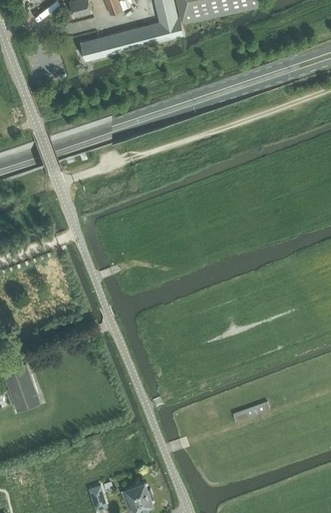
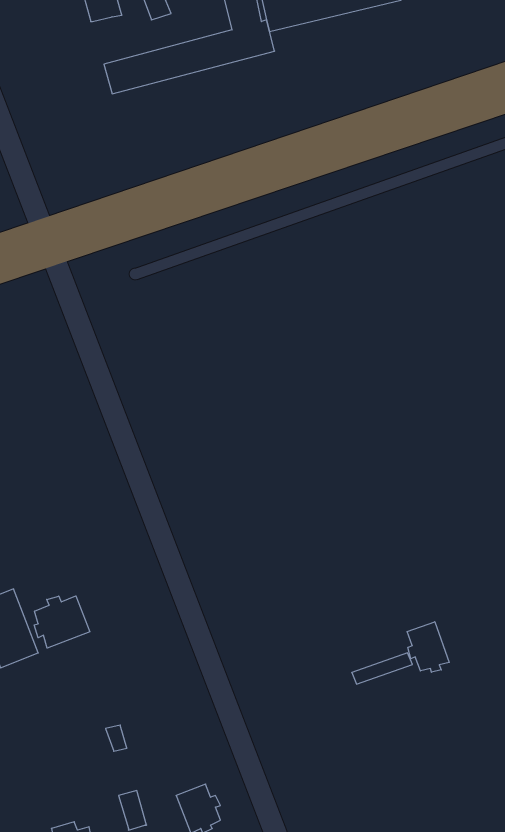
building: none -> [34,596,90,648]
building: none -> [407,622,449,672]

